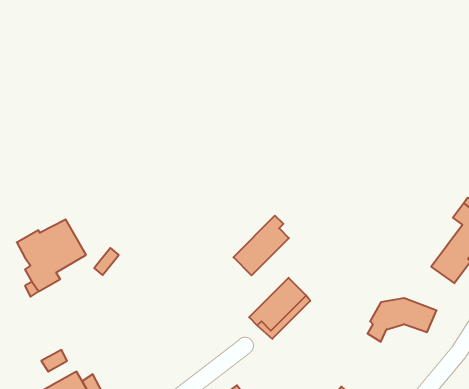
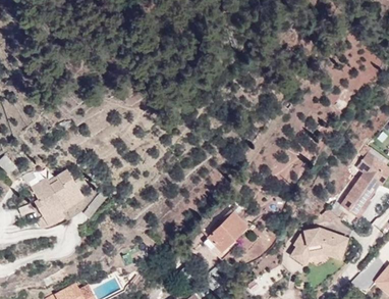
building: [233,216,289,275] -> none
building: none -> [291,237,349,265]

